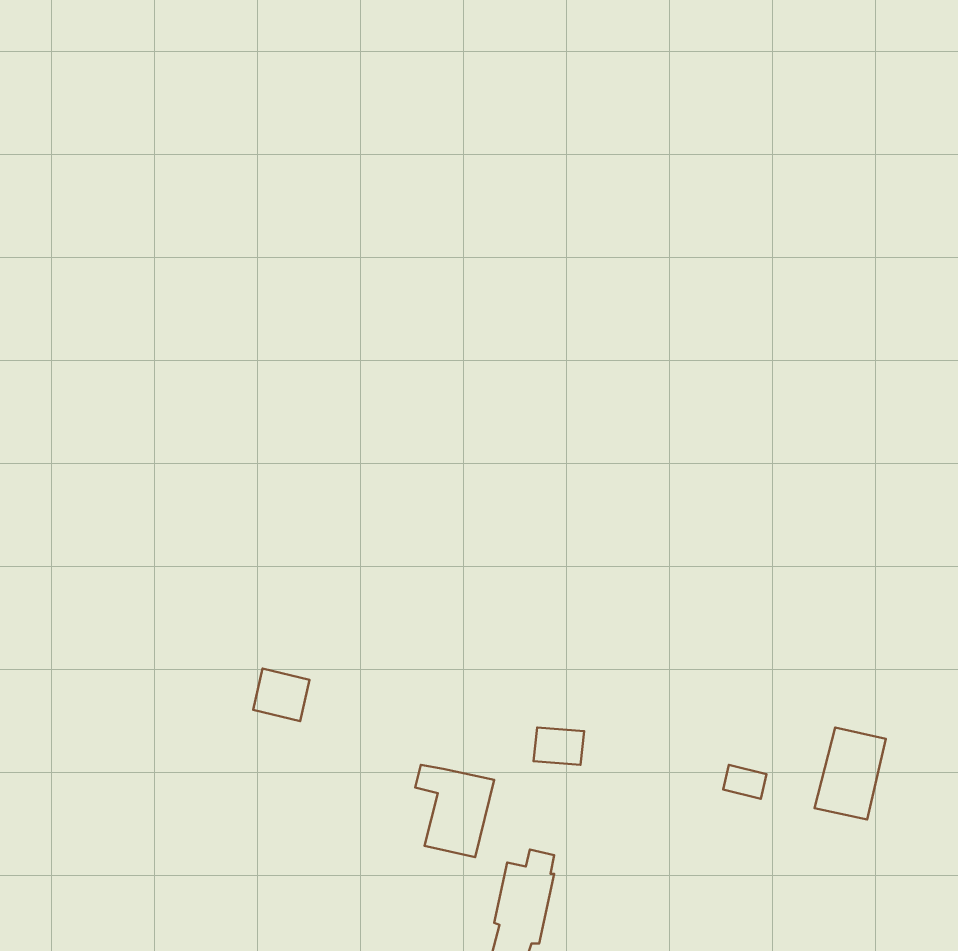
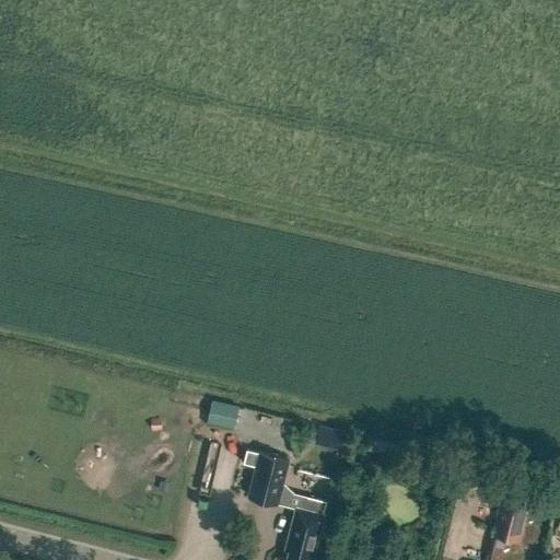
building: [253,668,310,721] -> [208,404,241,434]
building: [814,727,886,820] -> [491,492,533,546]

